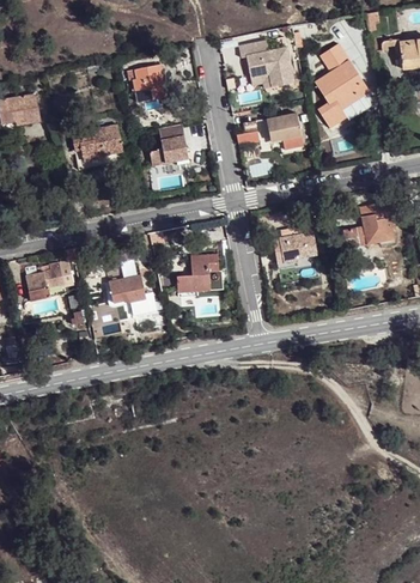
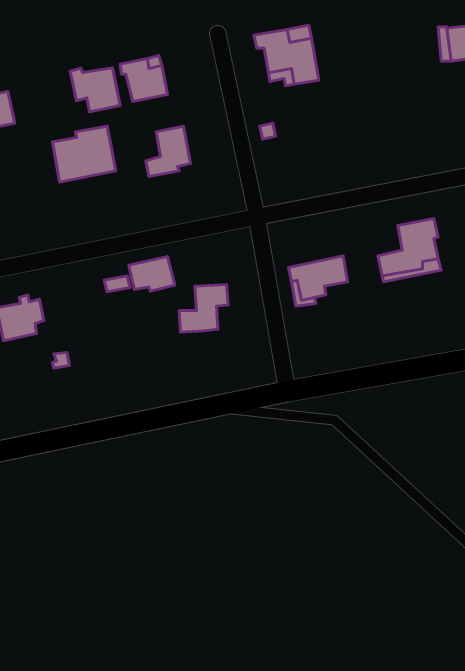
building: [315,42,367,128] -> none
building: none -> [70,68,120,112]
building: [268,113,303,148] -> none
building: [108,274,146,303] -> [129,256,175,291]

